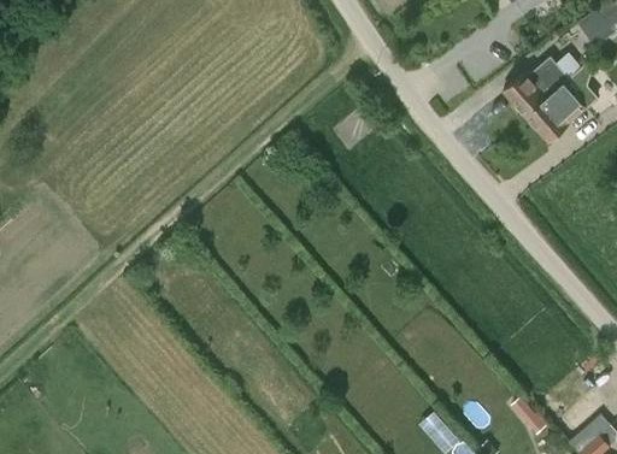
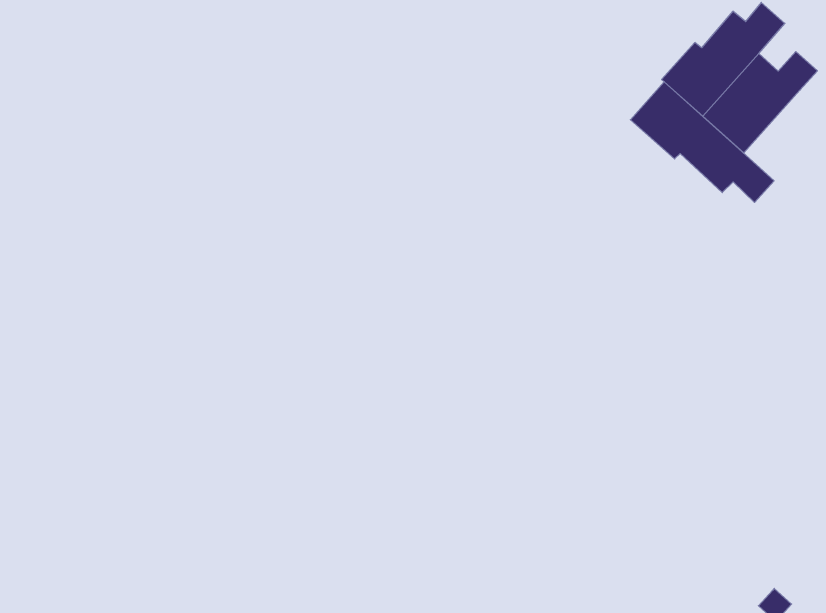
building: none -> [630,82,774,202]

